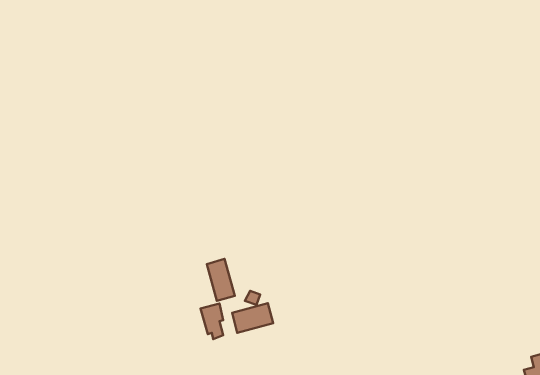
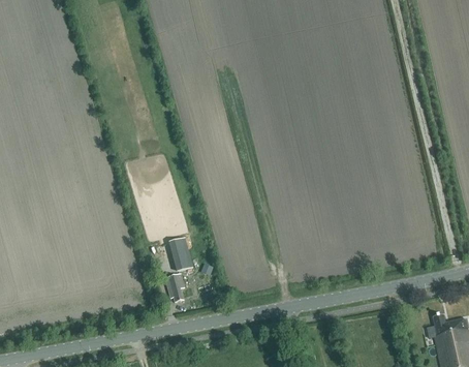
building: [232,303,273,333] -> none

